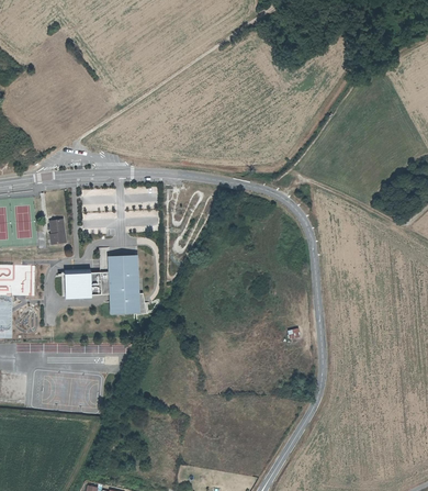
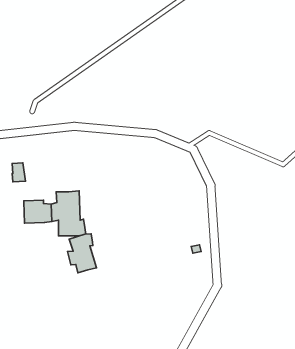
building: none -> [67,234,96,273]

